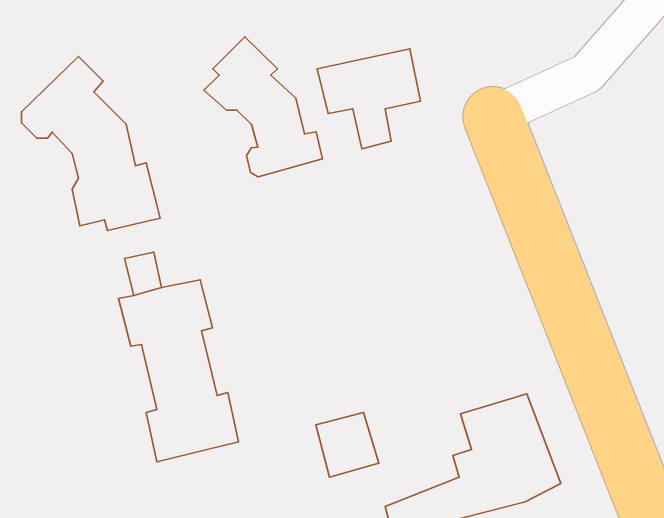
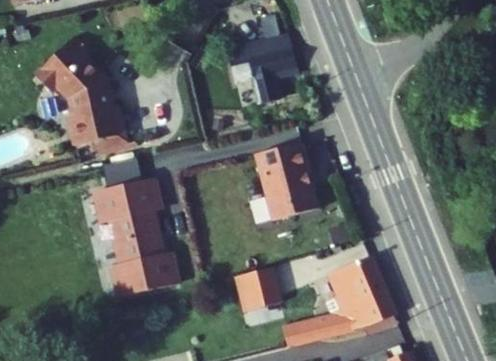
building: [204,37,322,177] -> none
building: none -> [250,149,311,225]

